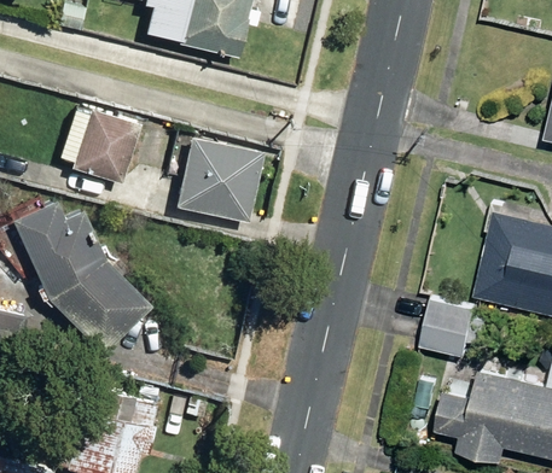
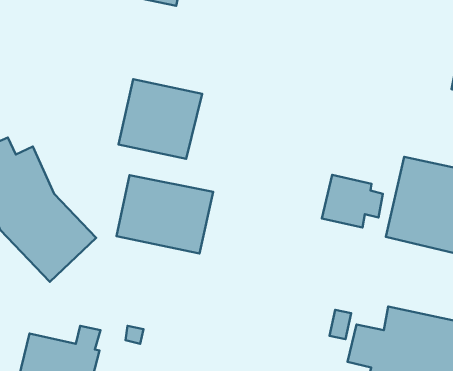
building: [77,103,146,179] -> none
building: none -> [116,175,213,254]
building: [413,303,478,360] -> [322,175,383,228]

